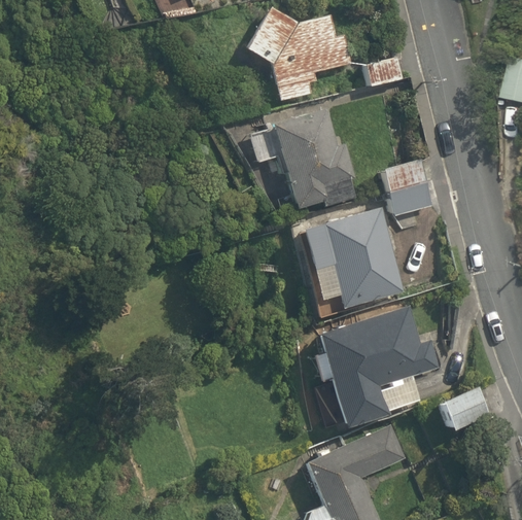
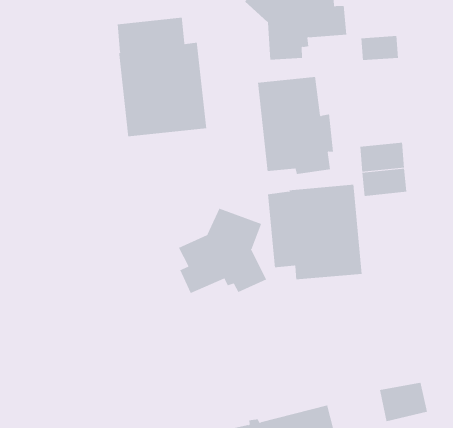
building: none -> [117,17,207,137]
building: none -> [178,208,267,294]
building: [311,306,441,428] -> none

